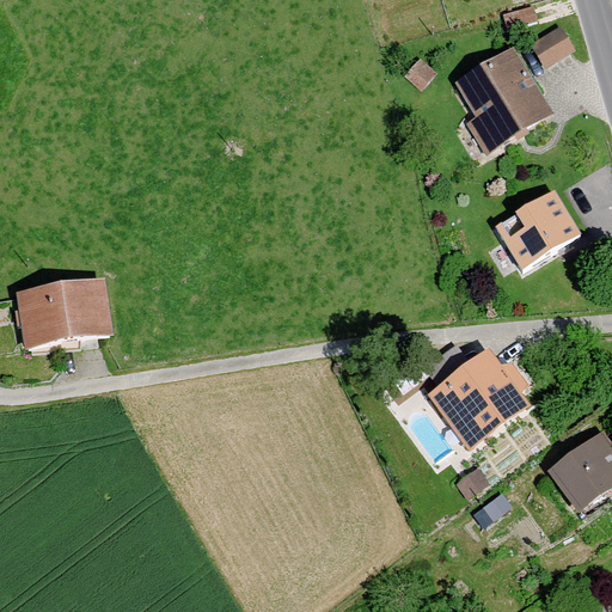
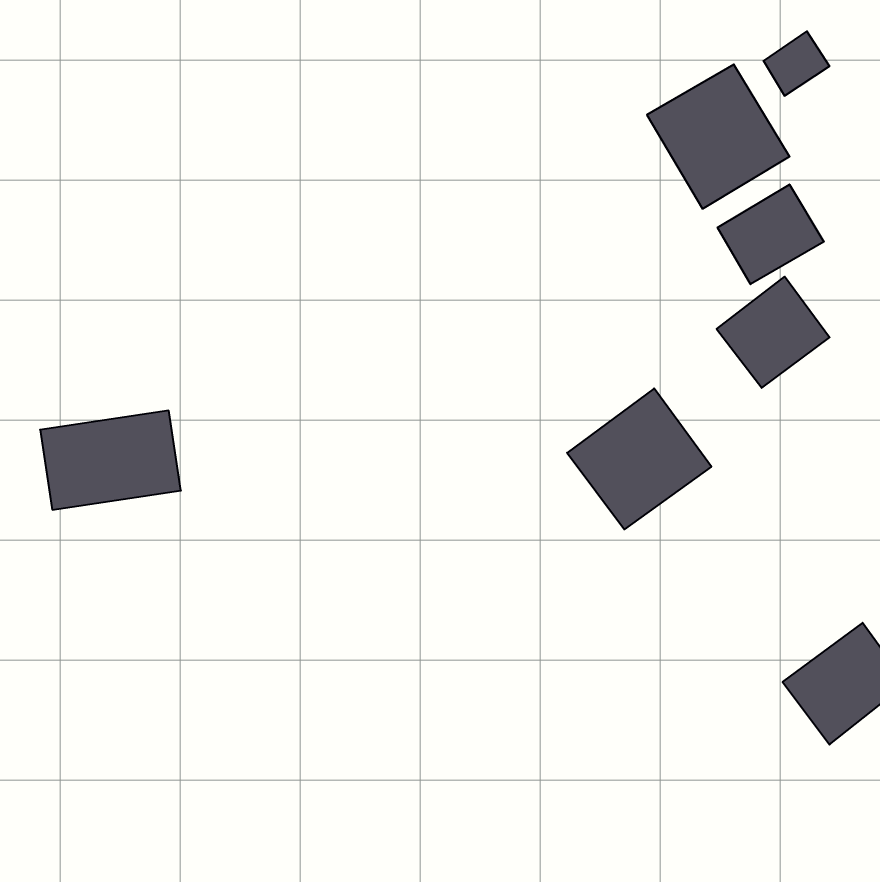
building: none -> [718,184,824,284]
building: [424,349,524,446] -> [567,388,711,529]

